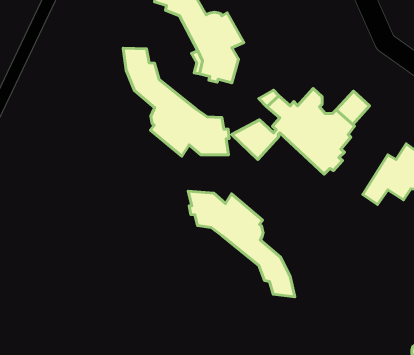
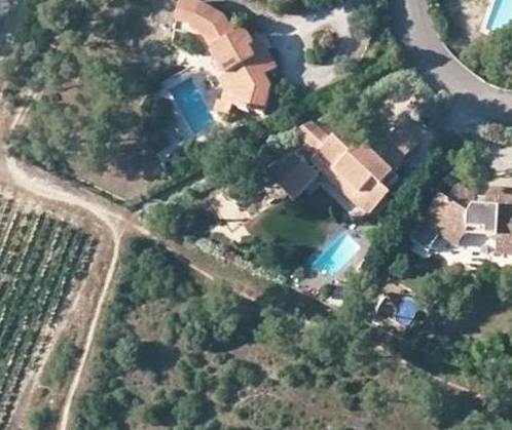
building: [123,48,229,156] -> none
building: [188,191,295,297] -> none

